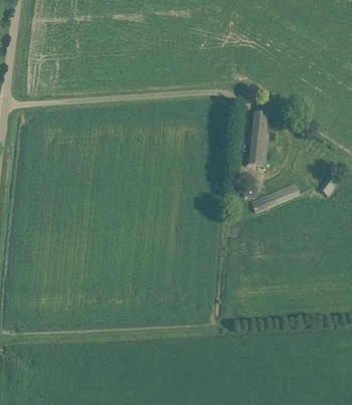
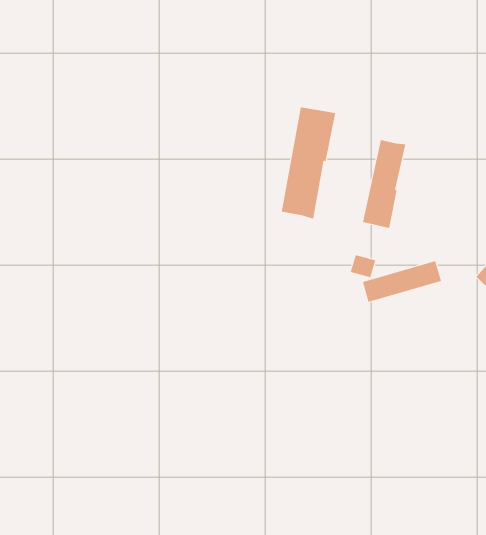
building: none -> [281,107,336,219]

